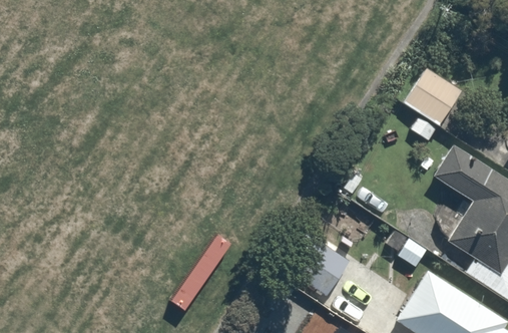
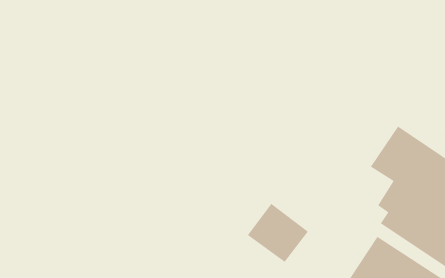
building: [398,57,467,126] -> none

